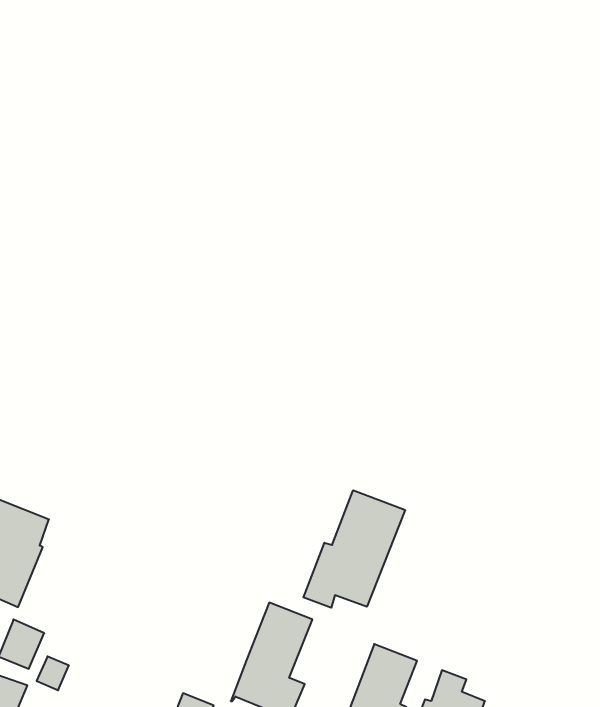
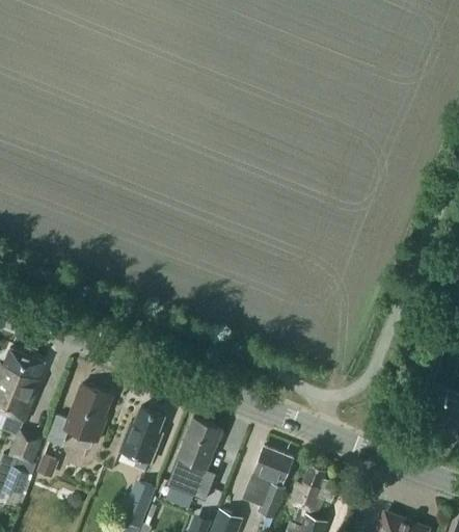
building: [303,490,405,608] -> none
building: none -> [47,384,112,450]
building: none -> [119,408,164,472]

